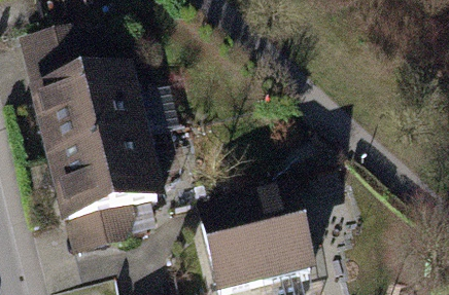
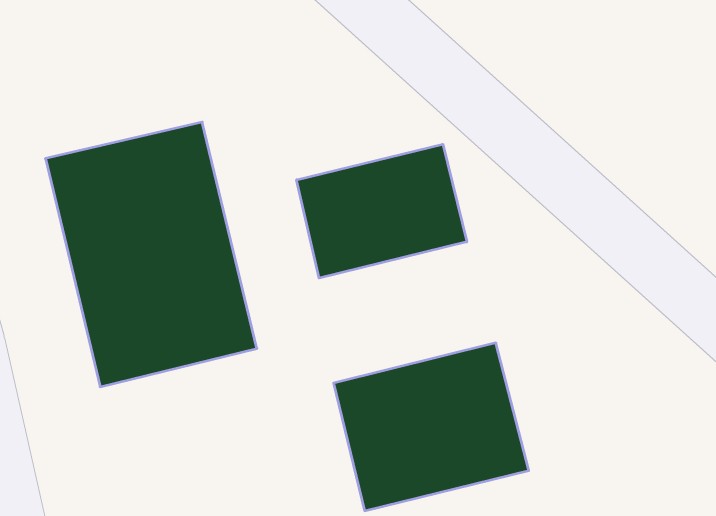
building: none -> [297,144,467,278]

